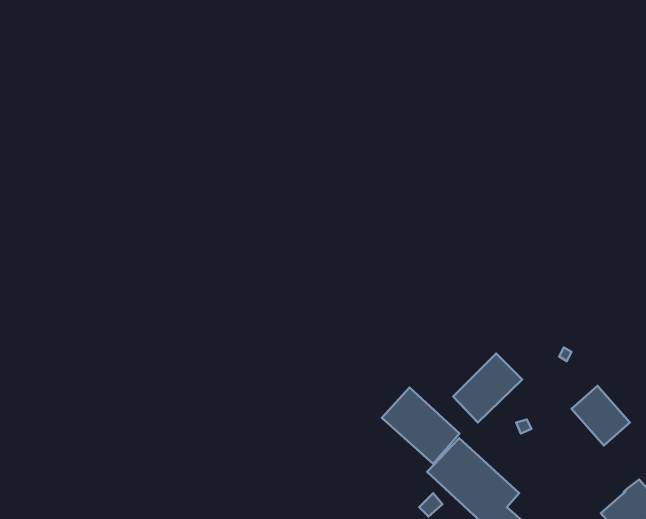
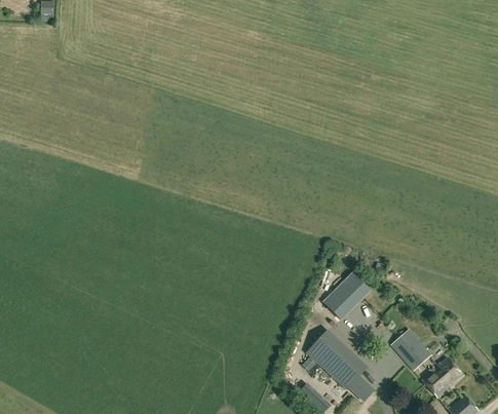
building: [571,386,630,446] -> [391,330,430,370]
building: [382,388,459,464] -> none

